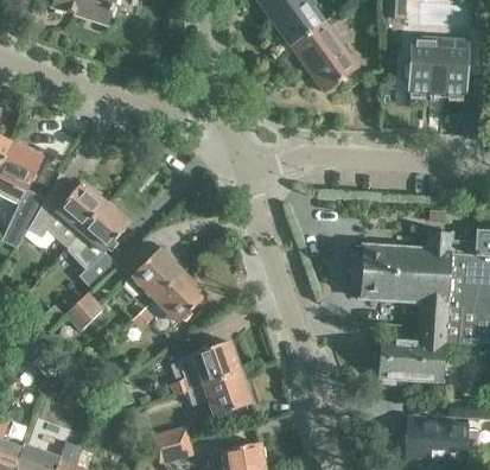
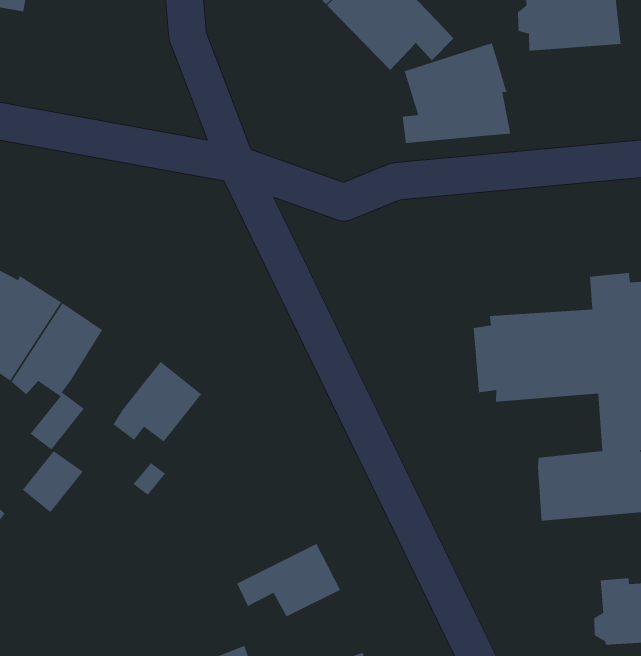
building: none -> [402,42,511,144]
building: [155,271,205,320] -> none
building: [171,338,240,393] -> none

